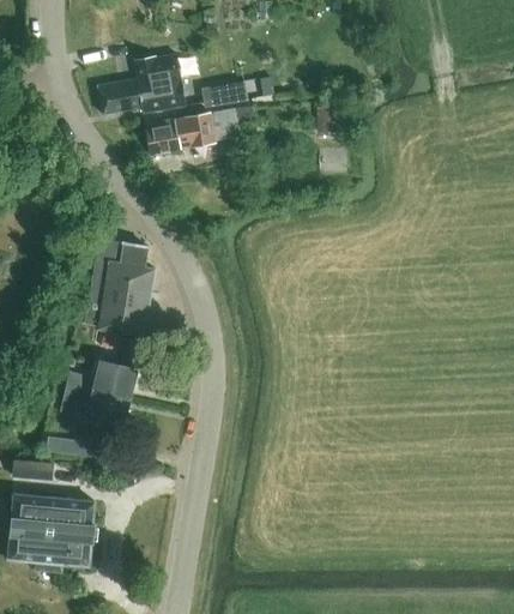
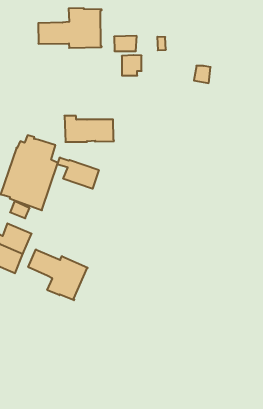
building: [144,113,216,154] -> [64,116,114,142]
building: none -> [57,157,99,189]
building: none -> [28,249,88,300]

